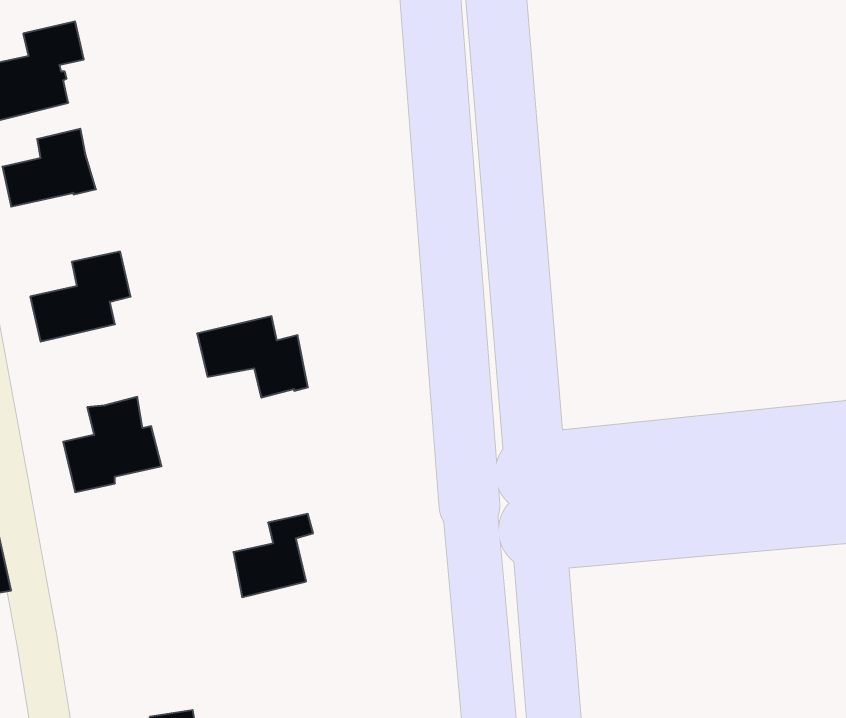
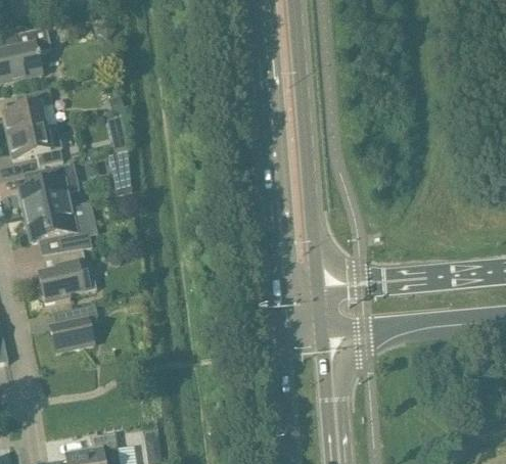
building: none -> [7,124,62,165]
building: [197,316,308,398] -> [25,203,90,251]
building: [233,514,313,597] -> [50,303,97,352]

